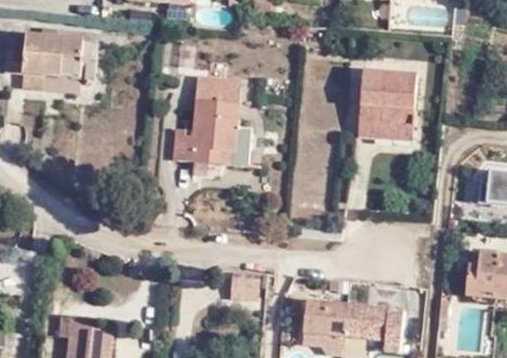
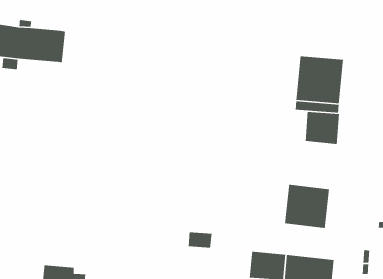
building: [174,76,254,167] -> none
building: none -> [305,111,340,145]
building: none -> [284,184,330,229]

